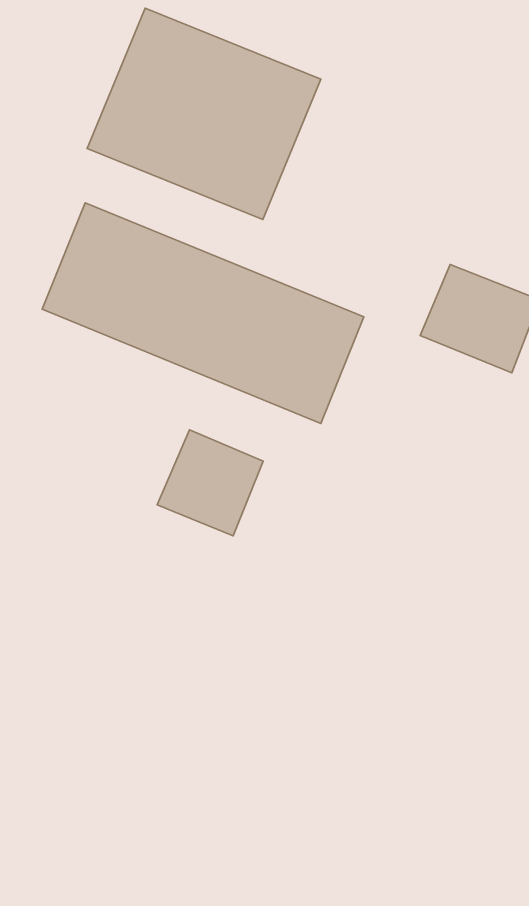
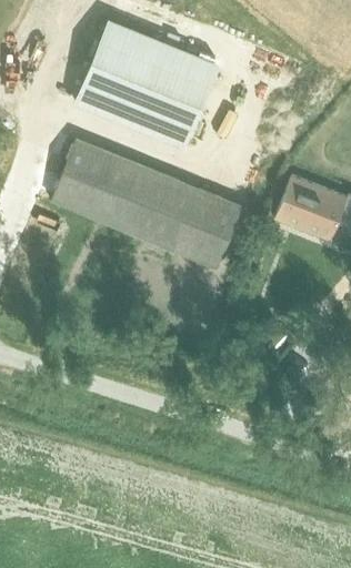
building: [157,430,263,536] -> none

